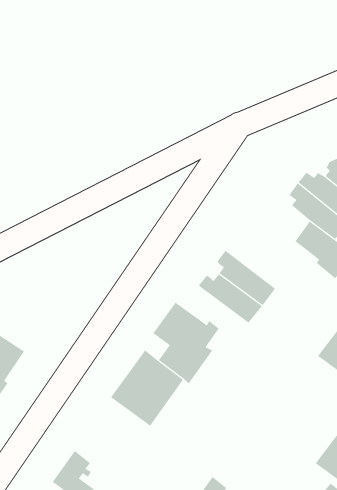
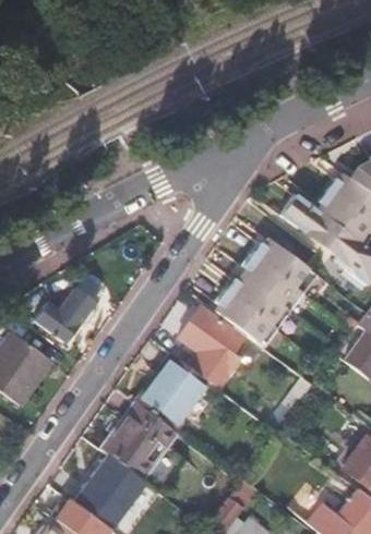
building: none -> [280,192,338,246]
building: none -> [253,243,318,294]
building: none -> [36,288,96,342]
building: none -> [217,291,277,348]
building: none -> [101,402,178,480]

